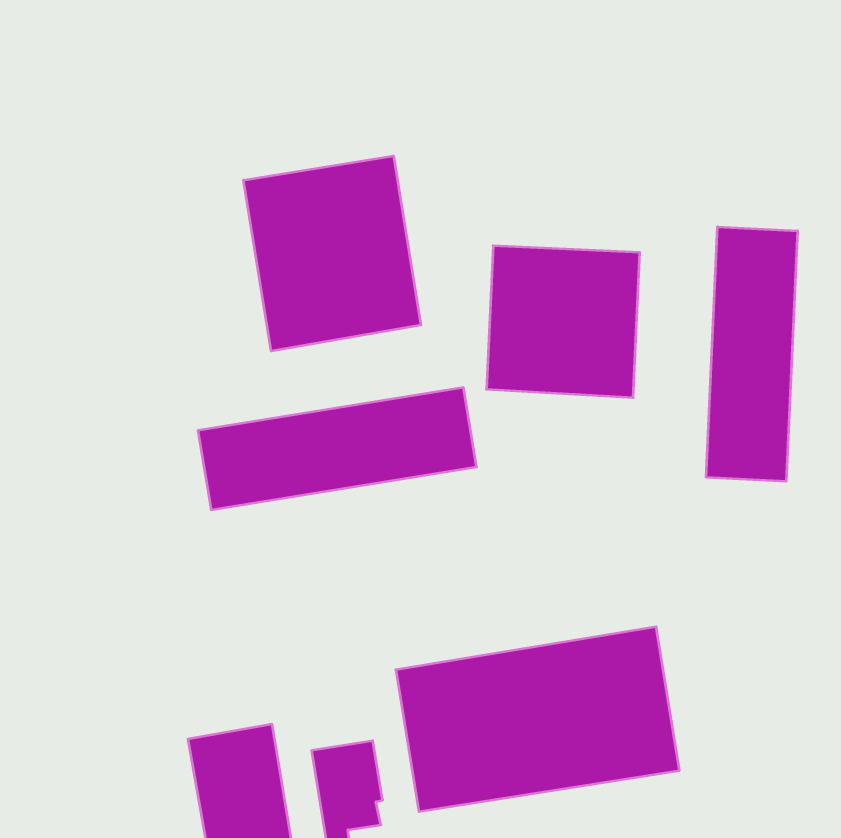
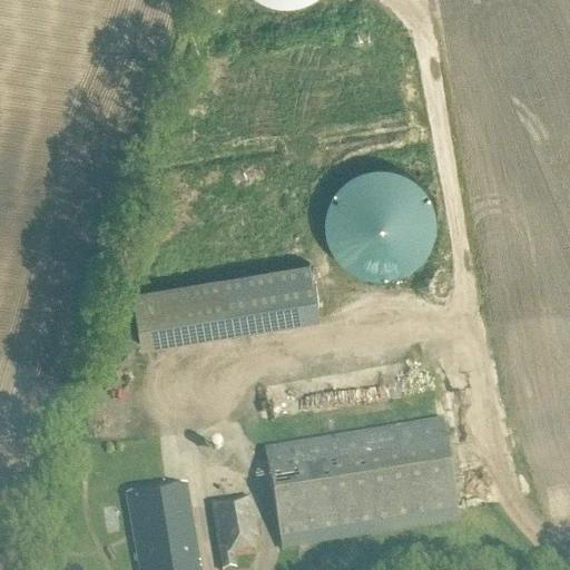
building: [244,156,421,351] -> none
building: [706,227,797,481] -> none

